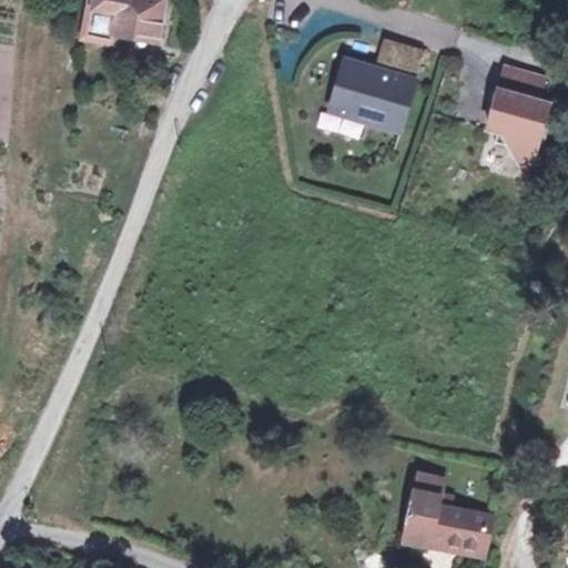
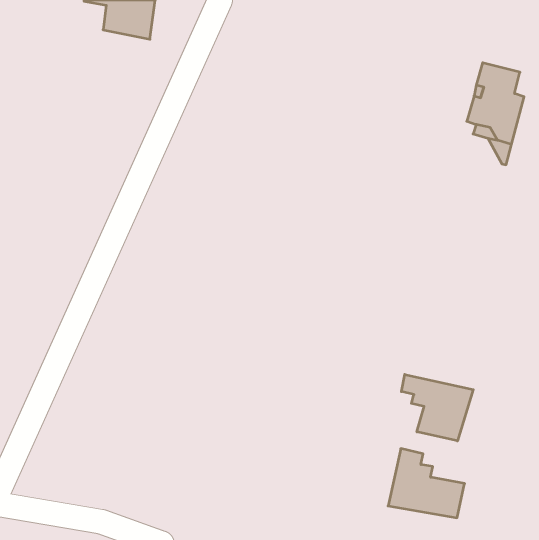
building: [328,42,423,133] -> none
building: none -> [401,374,473,441]

